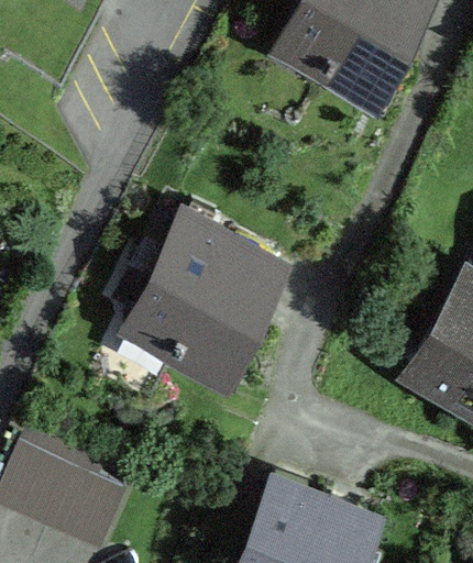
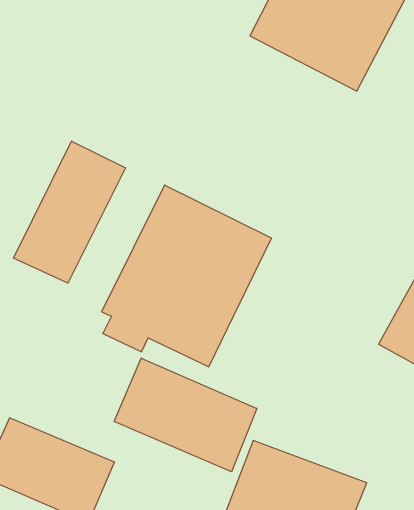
building: none -> [14,141,125,283]
building: none -> [114,358,257,472]

